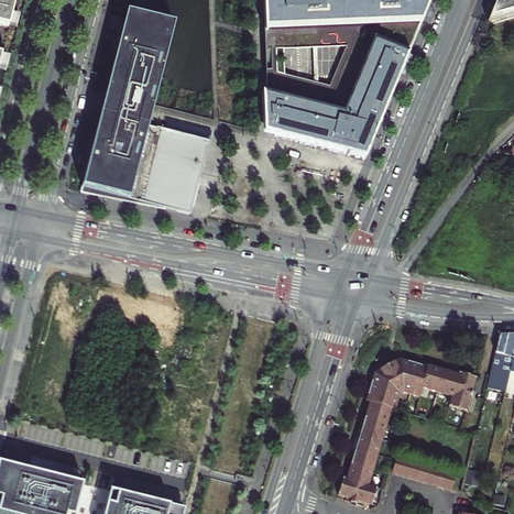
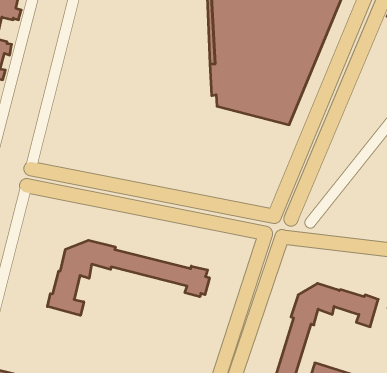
building: [80,9,209,211] -> none
building: none -> [47,240,209,315]

